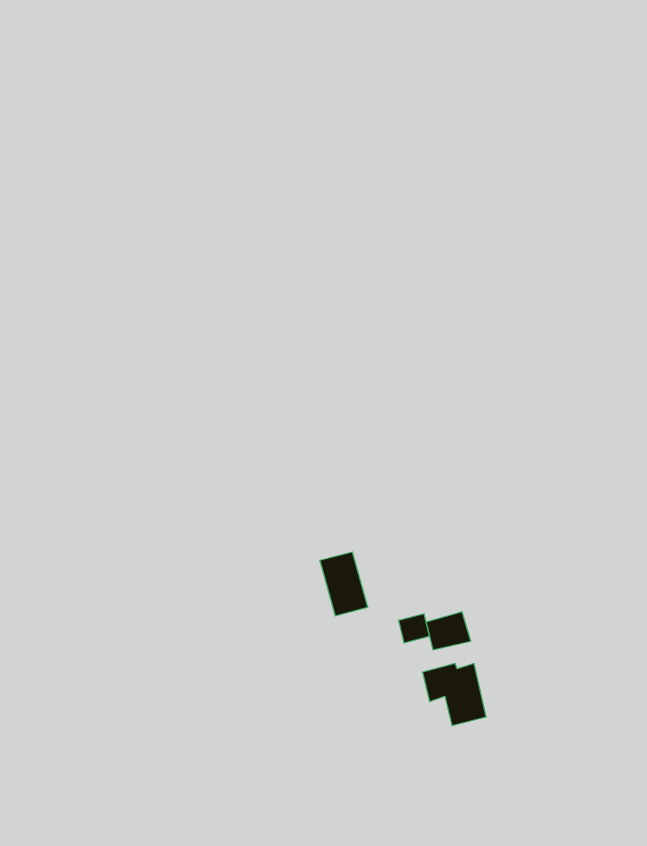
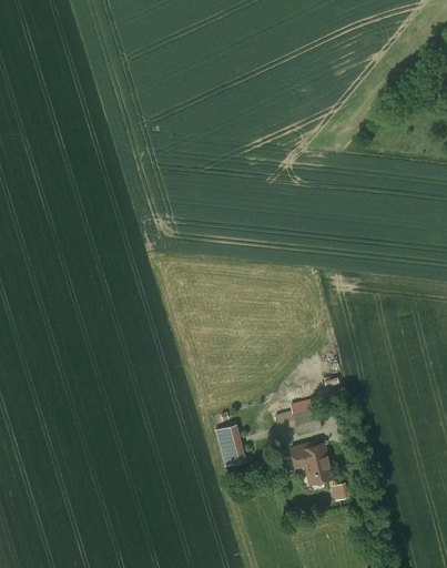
building: [320,552,368,616] -> [215,424,246,465]

